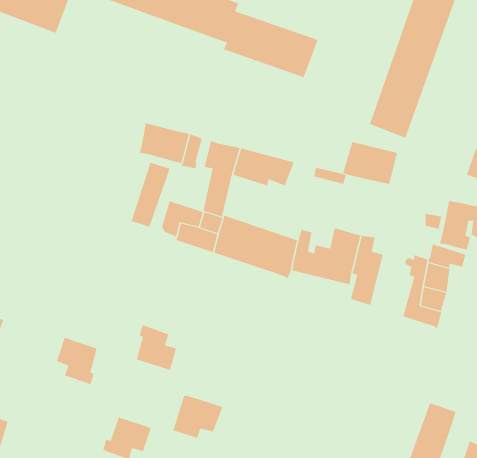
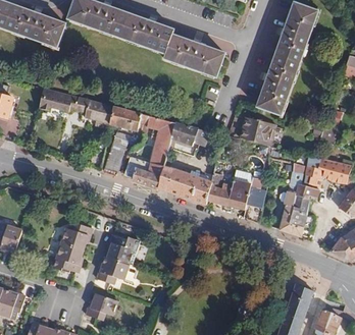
building: none -> [38,88,113,124]
building: none -> [61,222,93,249]
building: [172,396,223,439] -> [97,257,130,284]

